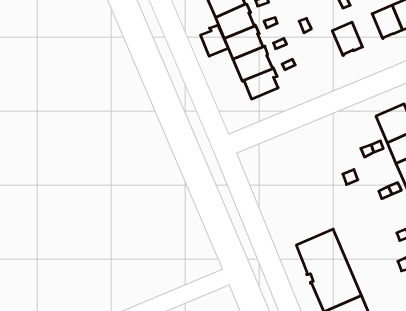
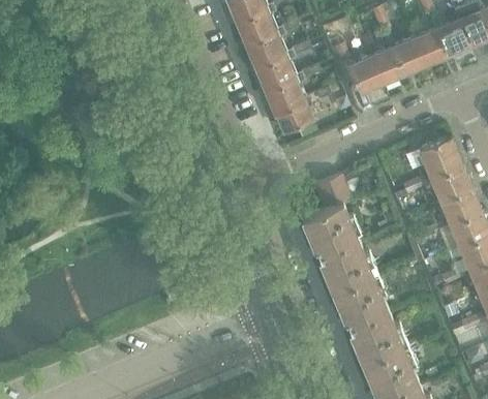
building: none -> [393,39,426,75]
building: [201,25,228,56] -> none
building: none -> [348,58,383,94]
building: none -> [301,175,372,291]

